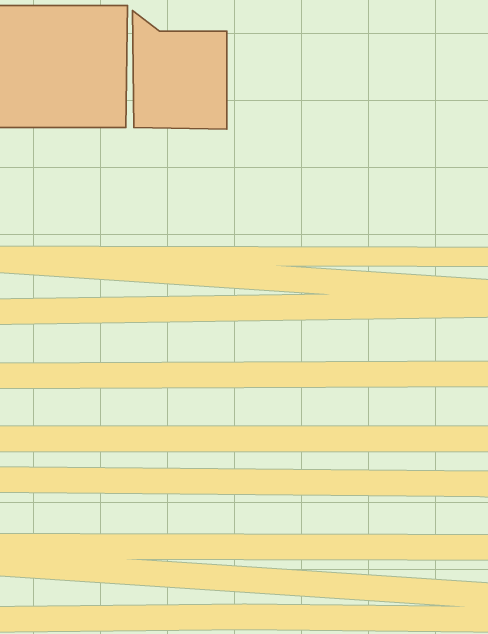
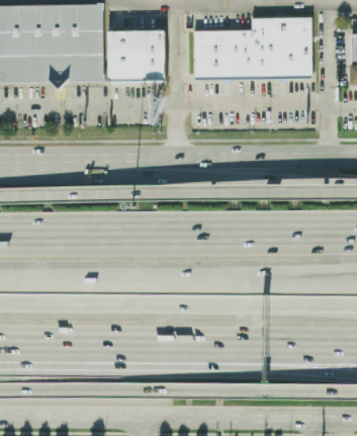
building: none -> [198,17,311,78]

